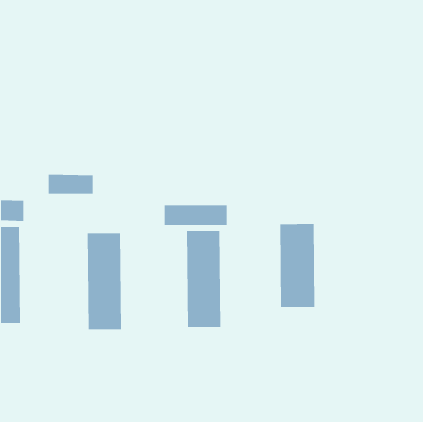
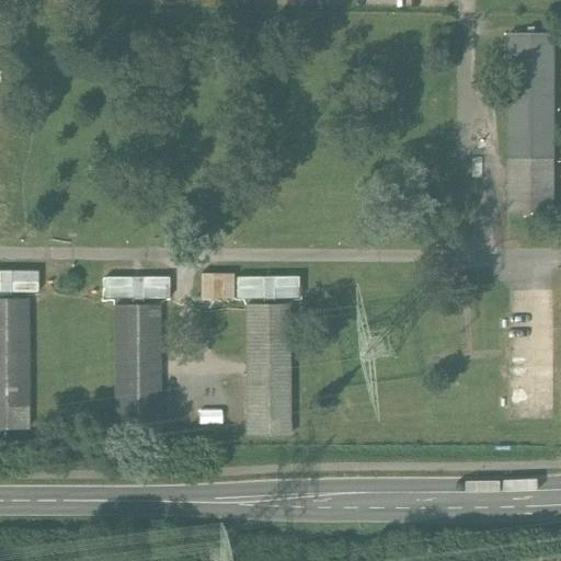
building: none -> [507,34,556,211]
building: [48,174,93,194] -> [101,271,161,297]
building: [280,223,315,308] -> none

